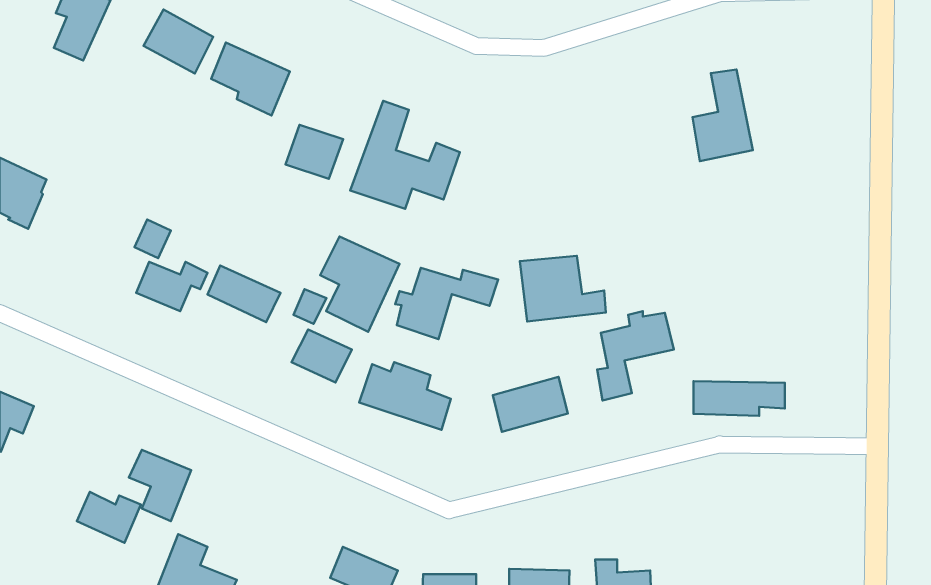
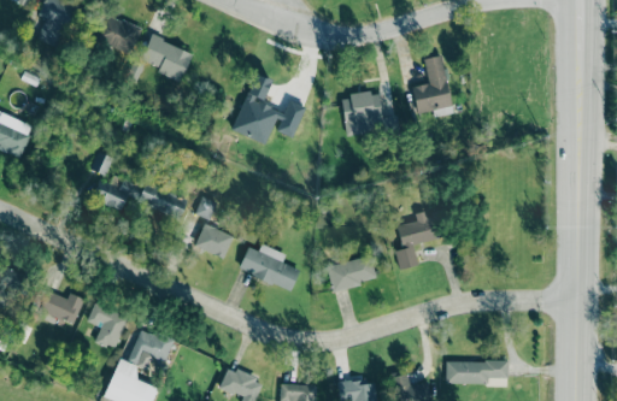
building: [693,70,753,161] -> [412,57,452,117]
building: [285,125,343,179] -> none
building: [320,237,399,332] -> none
building: [520,256,606,322] -> [341,93,398,136]
building: [395,268,498,339] -> none
building: [693,381,785,416] -> [446,361,506,384]
building: none -> [128,328,175,370]
building: [77,492,141,543] -> [42,291,84,325]

